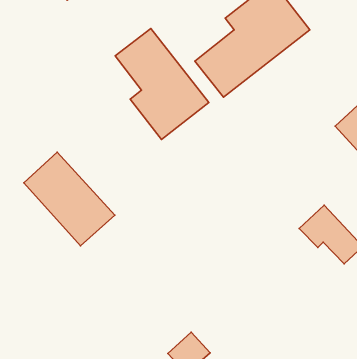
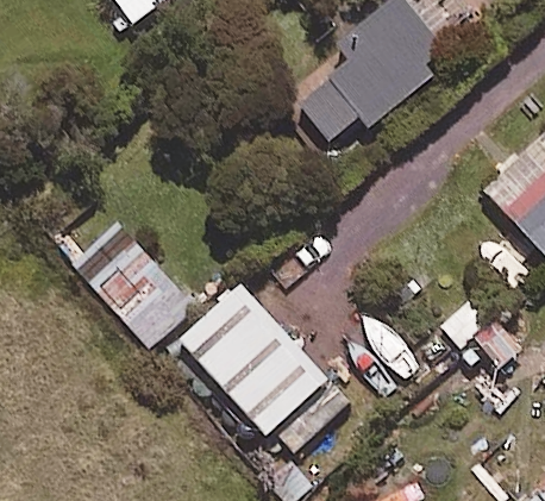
building: [115,29,209,140] -> none
building: none -> [181,286,345,457]

